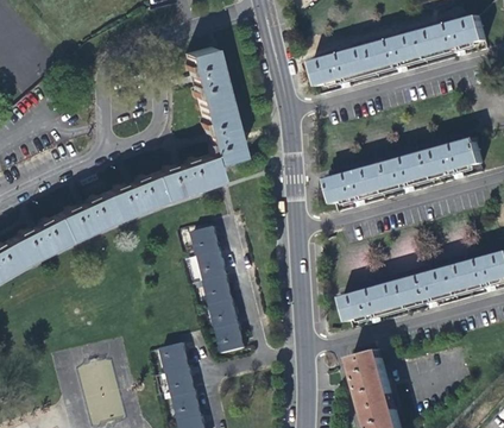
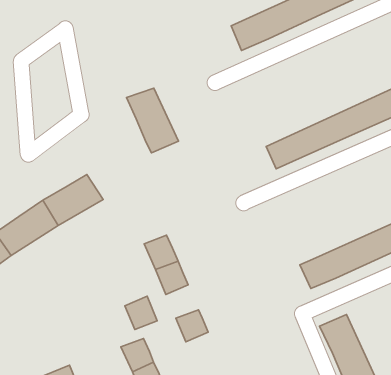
building: [184,49,228,112] -> none
building: [152,157,221,204] -> none
building: [191,224,219,252] -> none
building: [209,297,238,327] -> [125,296,157,329]

